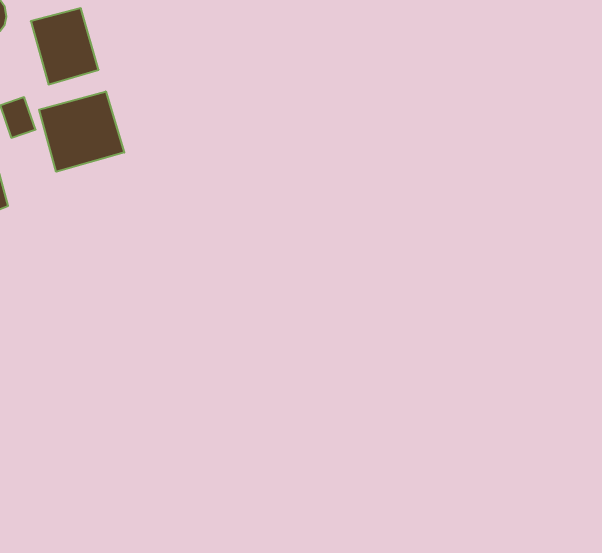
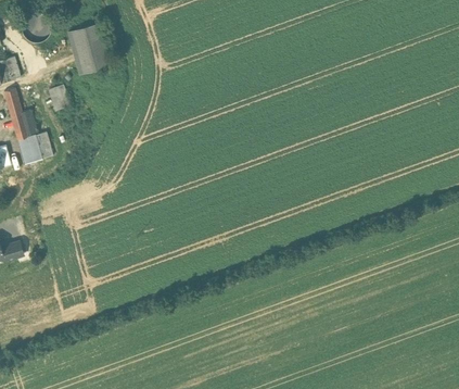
building: [39,91,124,172] -> none

